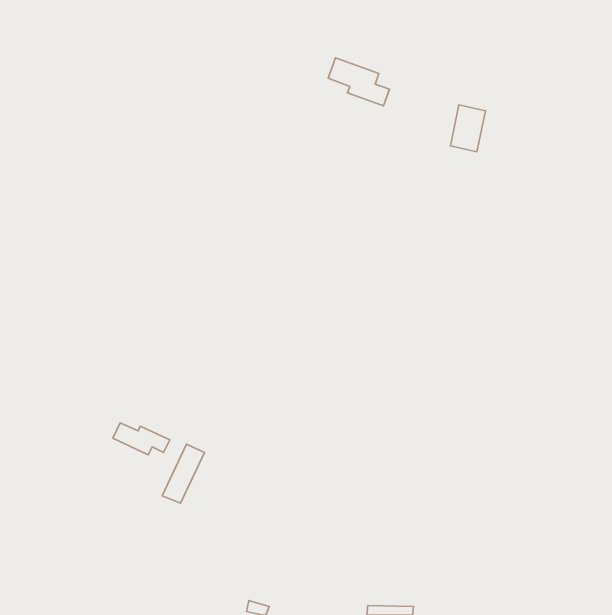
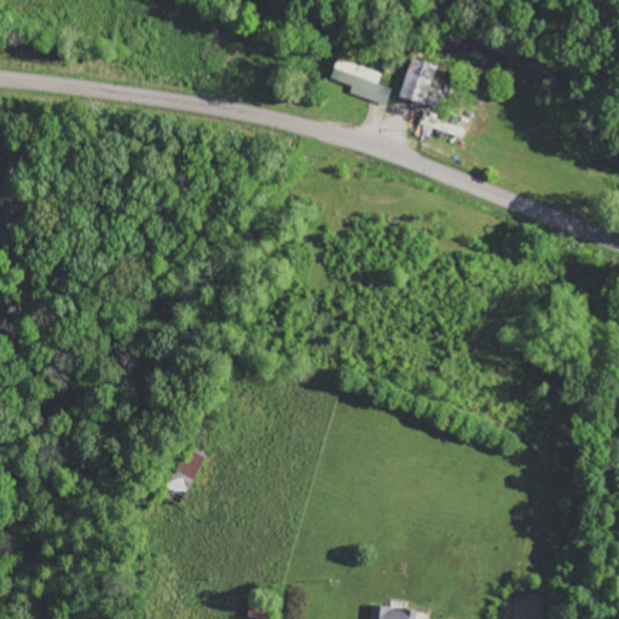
building: [450,105,485,152] -> [400,58,435,105]
building: [113,423,170,455] -> none

